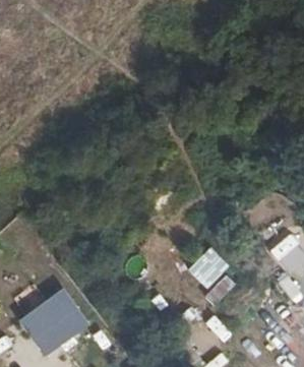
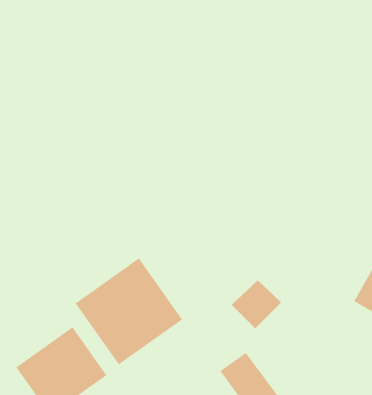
building: none -> [75,258,183,365]

